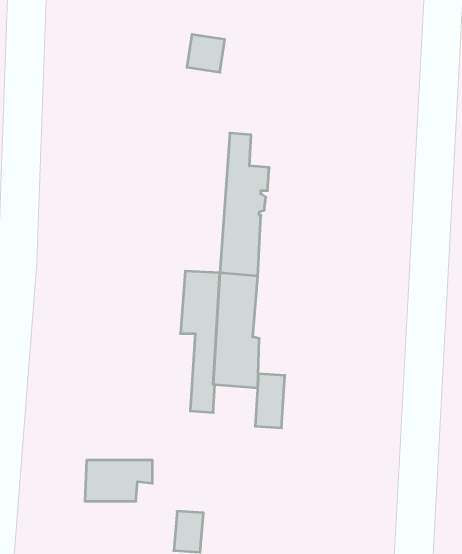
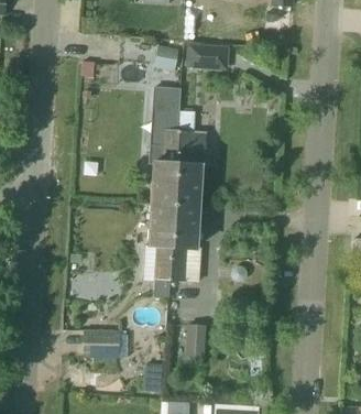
building: none -> [185,44,228,69]
building: none -> [149,87,179,205]
building: [255,374,285,428] -> [185,326,205,362]

